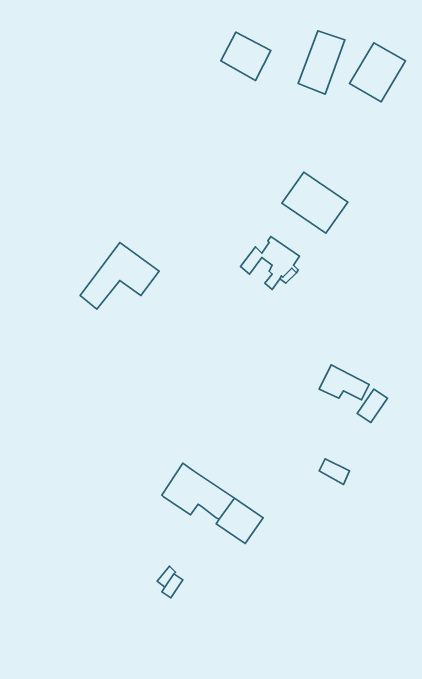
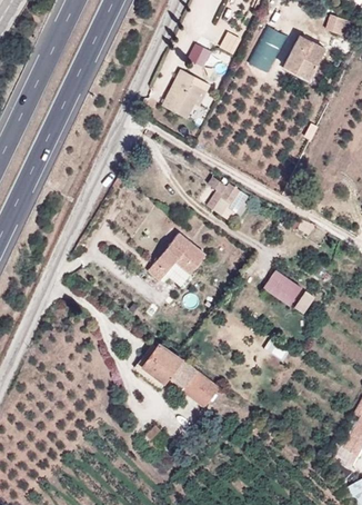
building: none -> [164,62,213,112]
building: [282,172,348,233] -> none
building: [80,243,159,309] -> [151,235,209,284]

